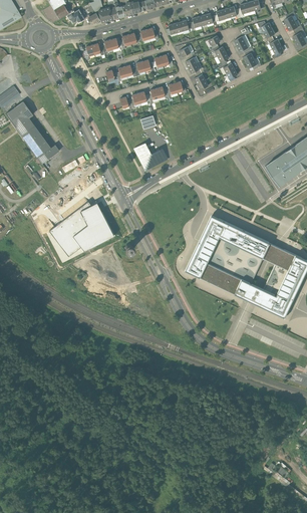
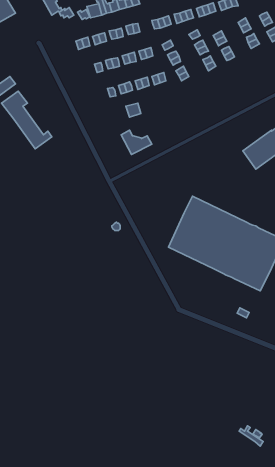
building: [49,202,113,257] -> none

